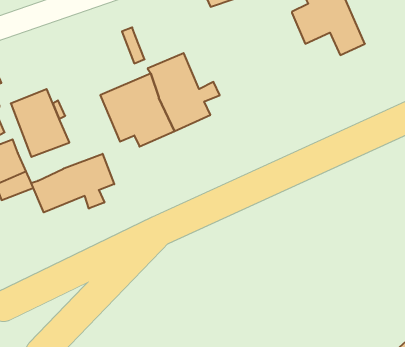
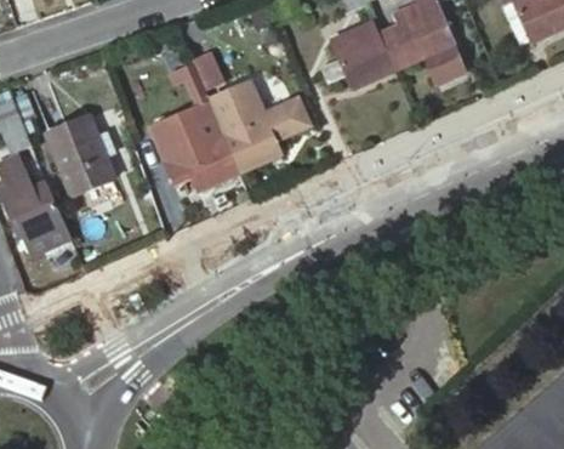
building: none -> [321,30,395,89]
building: [31,154,114,212] -> none

